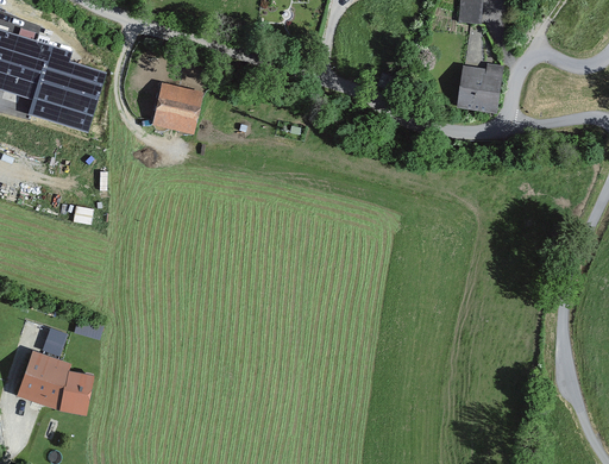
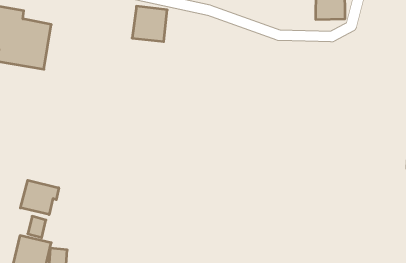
building: [151,83,202,134] -> [132,6,167,42]
building: none -> [20,180,59,215]

